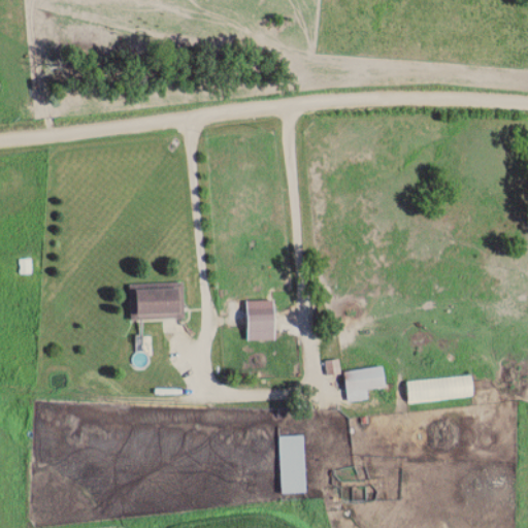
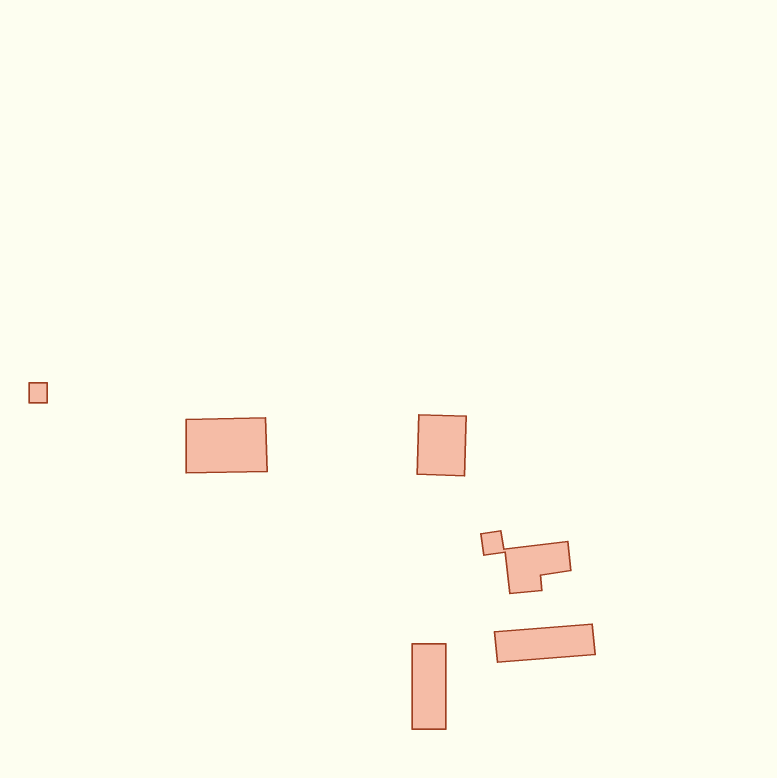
building: [244,299,277,340] -> [417,415,466,476]
building: [405,375,473,401] -> [495,624,595,662]

